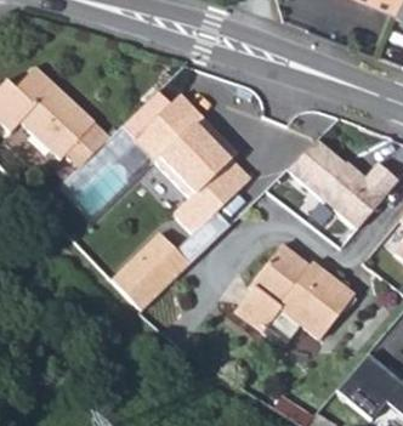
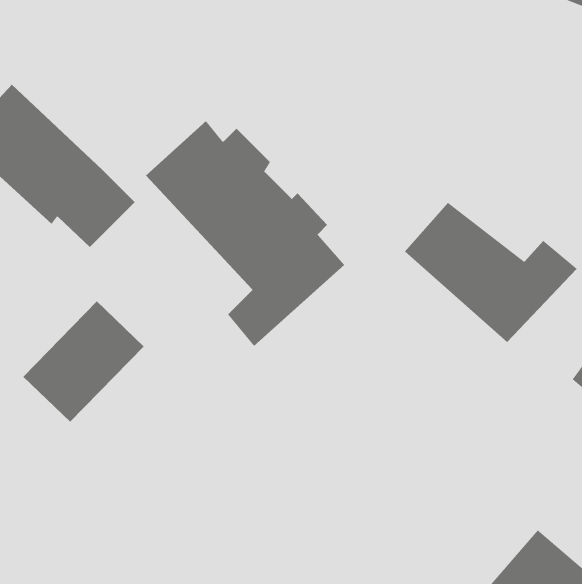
building: [113,231,191,308] -> [22,301,144,423]
building: [238,242,354,339] -> none

